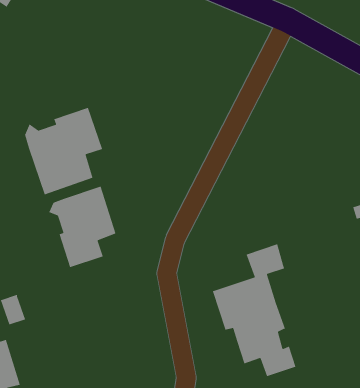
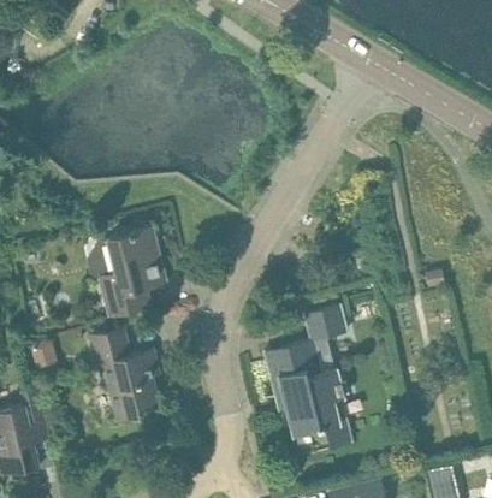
building: [24,107,103,196] -> none
building: none -> [90,327,158,420]

